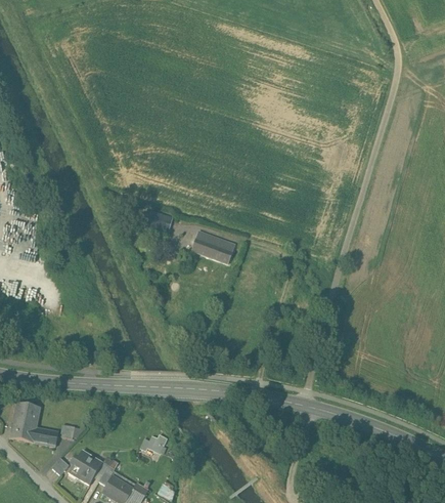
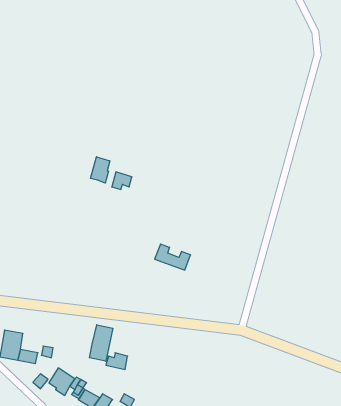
building: none -> [91,157,110,183]
building: [191,230,235,262] -> [155,244,191,270]
building: none -> [90,325,113,361]

